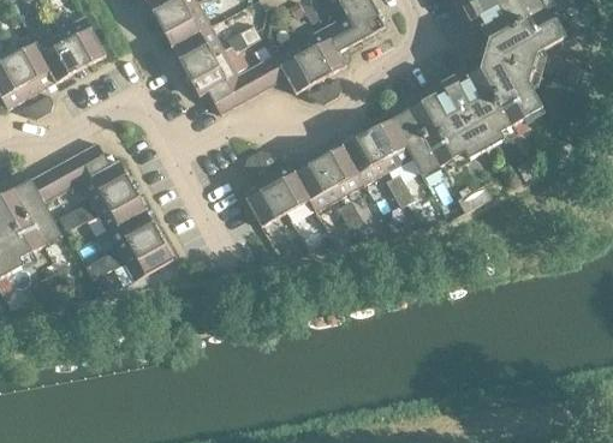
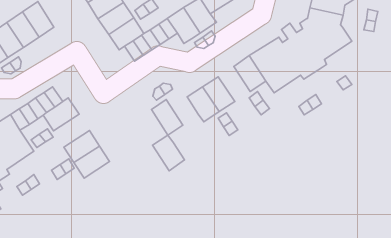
building: [343,132,388,184] -> none
building: [263,160,309,212] -> [152,135,185,171]
building: [94,185,147,232] -> none

